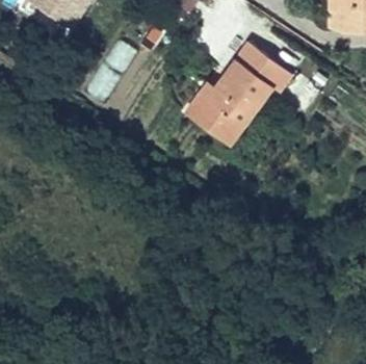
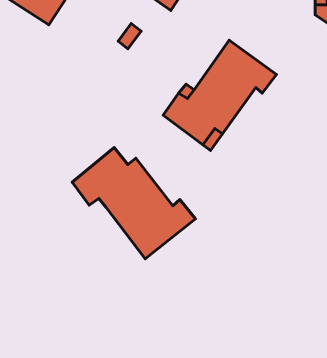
building: none -> [72,147,196,259]

